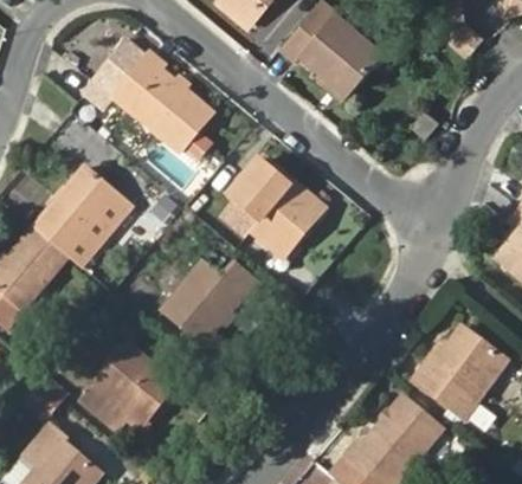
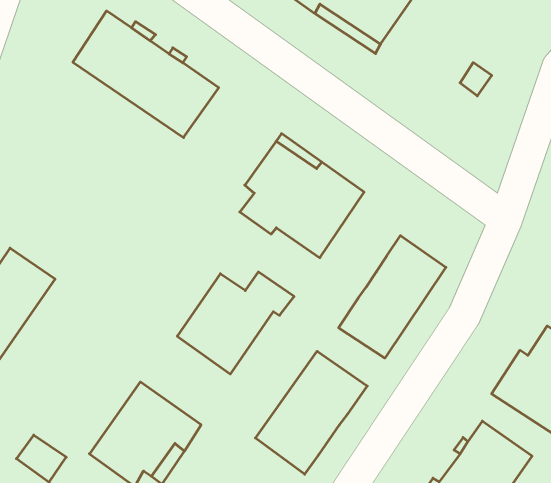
building: [33,167,131,267] -> none
building: none -> [339,236,446,358]
building: none -> [255,351,367,474]

